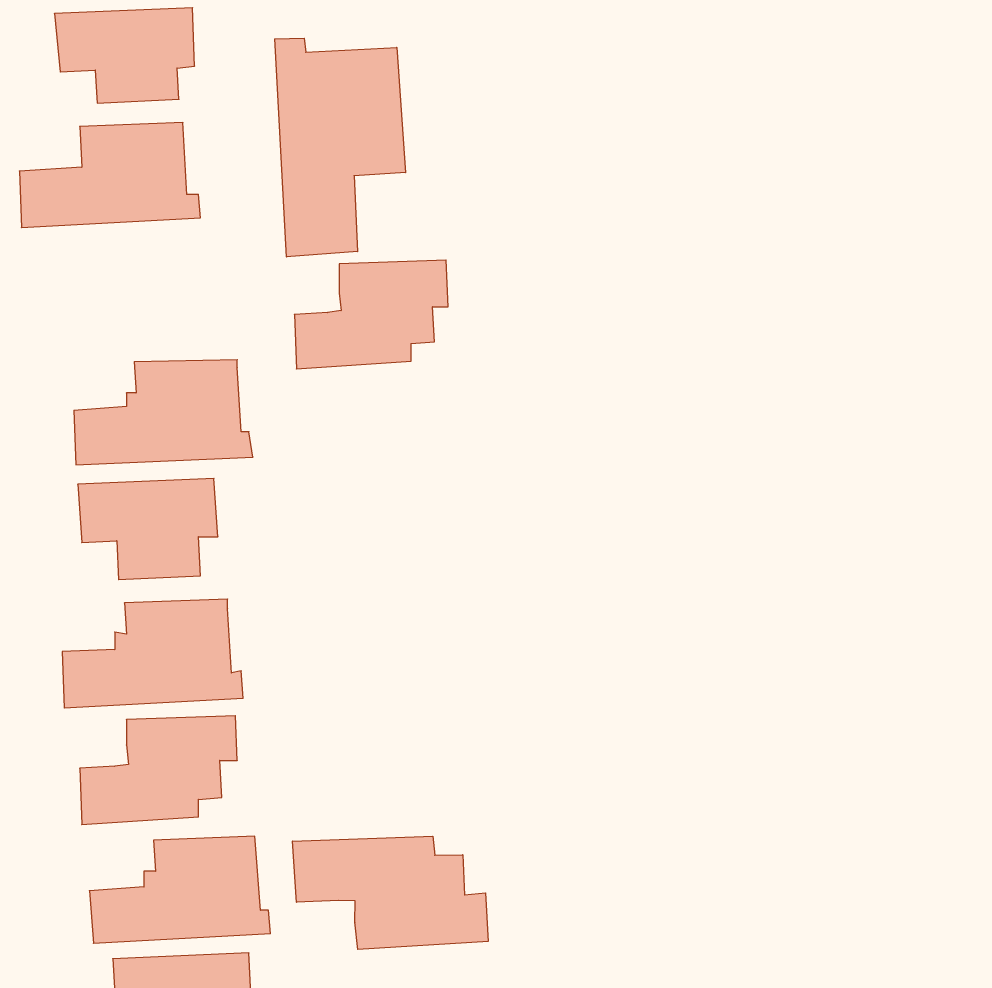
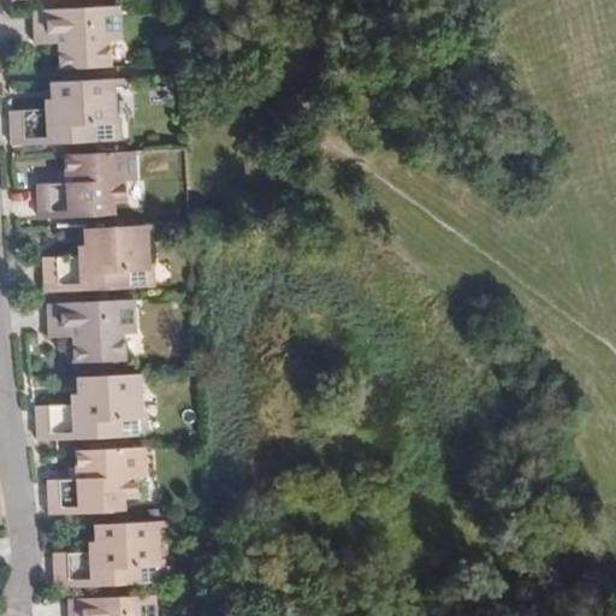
building: [275,38,406,257] -> none
building: [294,260,448,369] -> [38,152,134,219]
building: [293,836,488,949] -> none

